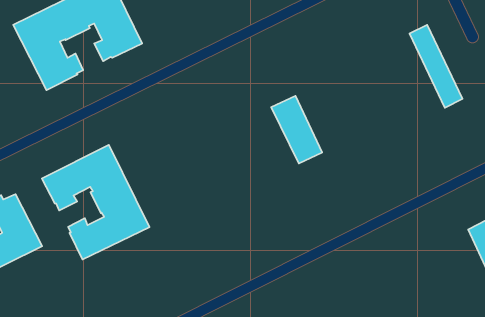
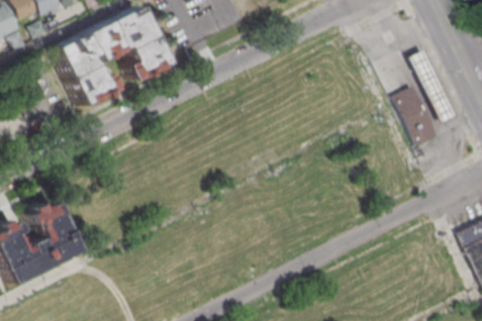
building: [271,96,322,163] -> [393,85,440,146]
building: [42,145,150,259] -> none

